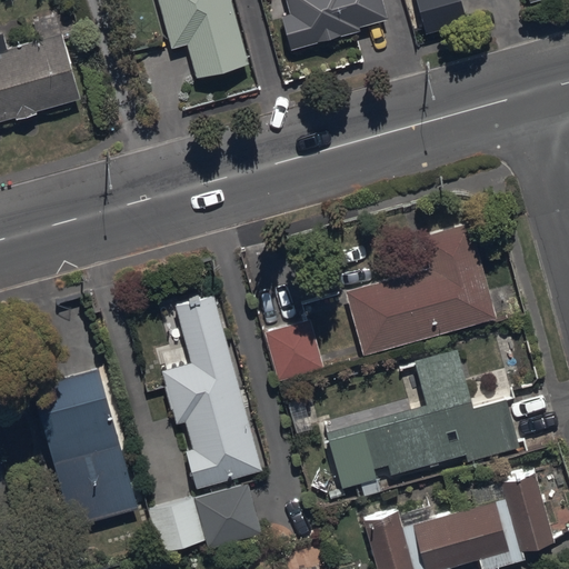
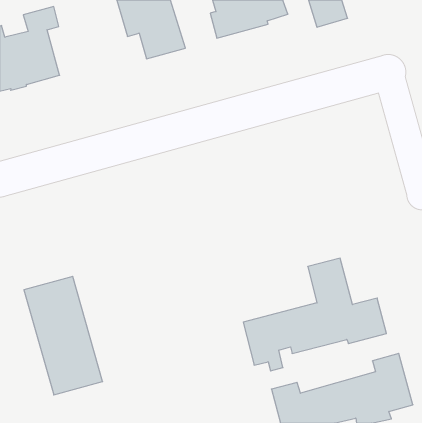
building: [345,220,496,353] -> none
building: [161,292,262,487] -> none
building: [264,318,322,379] -> none
building: [149,485,262,553] -> none

